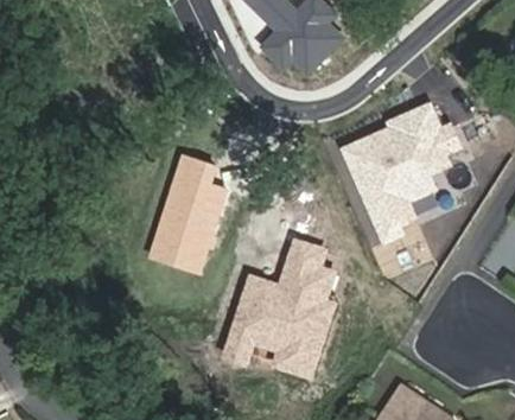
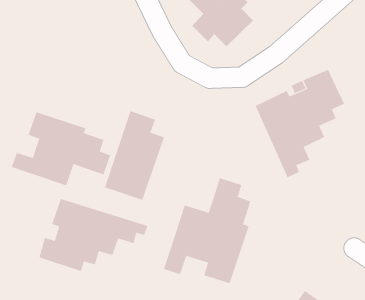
building: none -> [11,111,111,186]
building: none -> [39,198,148,272]

